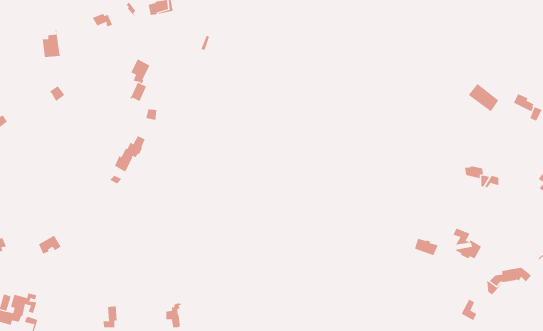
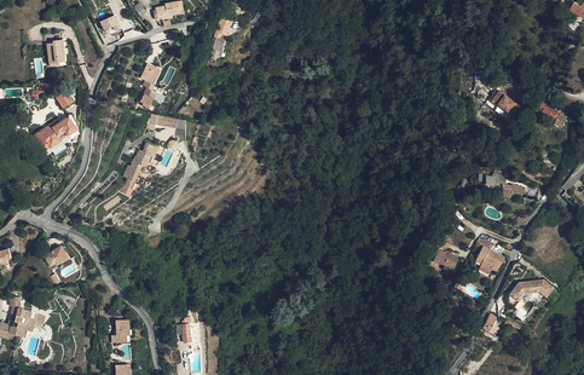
building: none -> [34,115,80,150]

